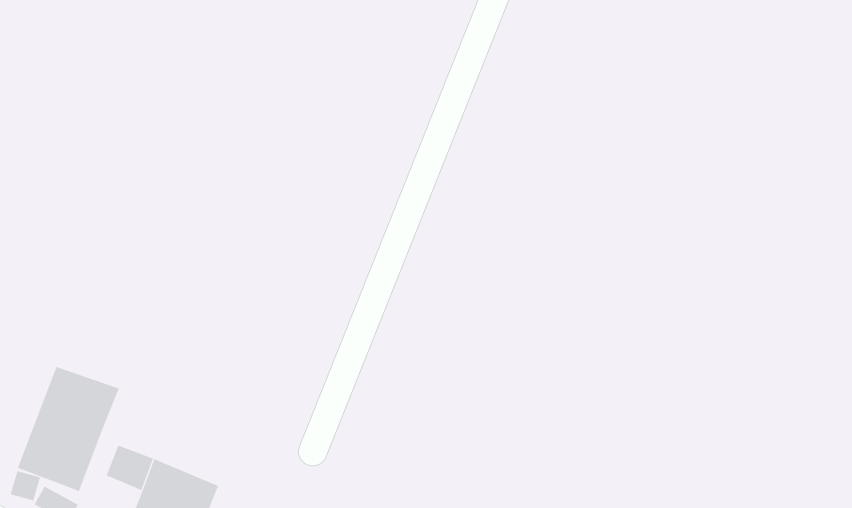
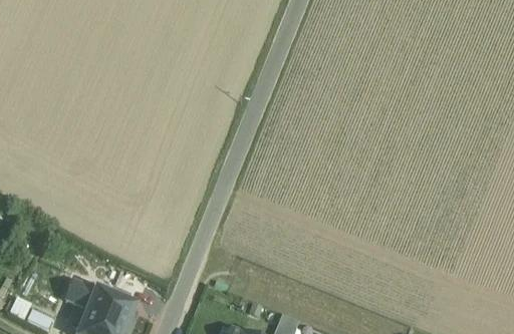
building: [17,366,119,492] -> none

